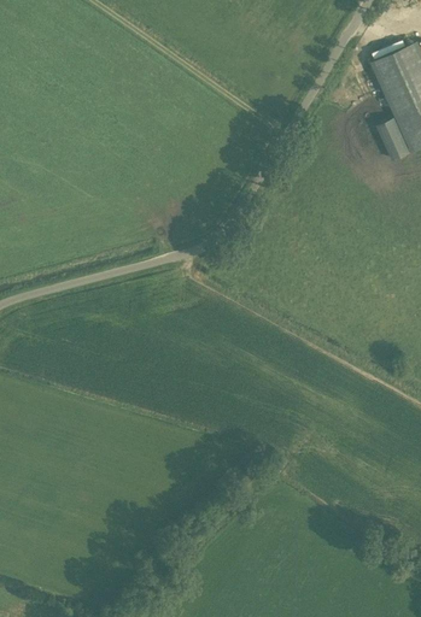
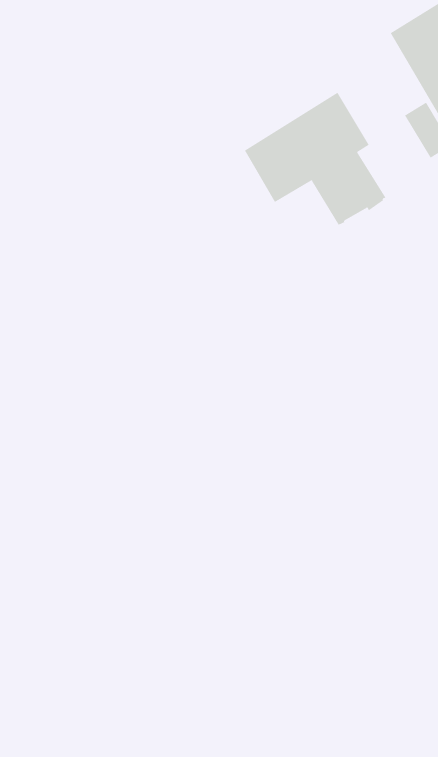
building: none -> [244,92,386,225]

